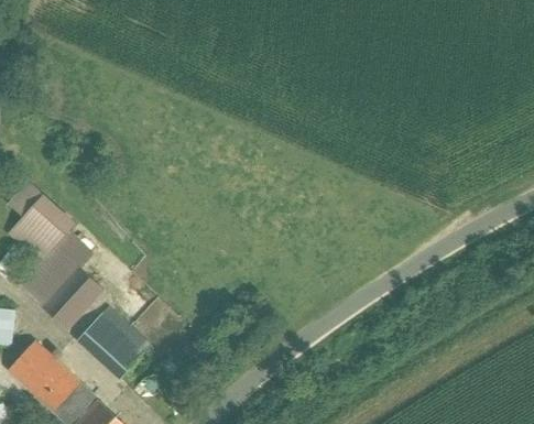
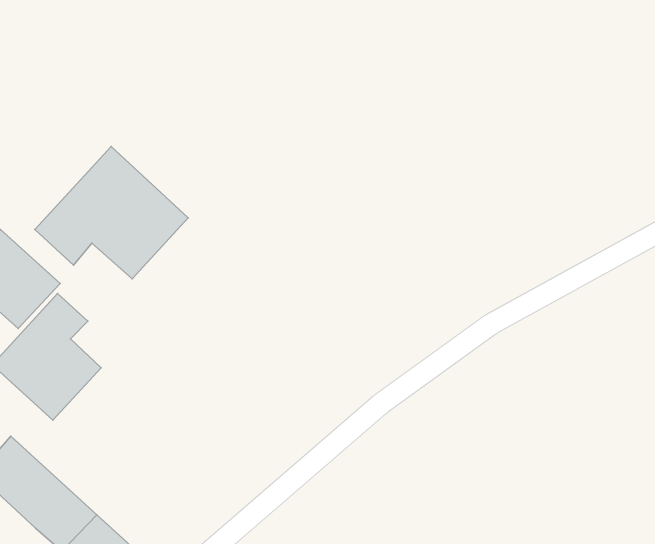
building: none -> [35,146,188,279]
building: [79,306,150,378] -> none

